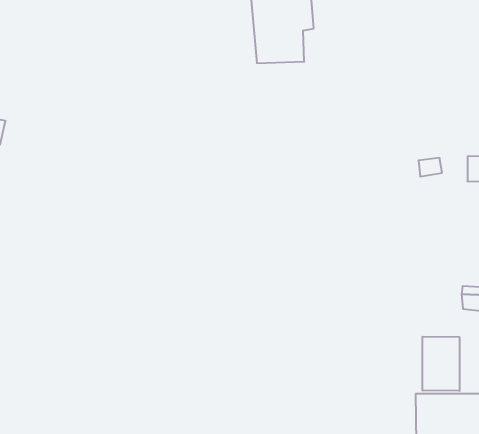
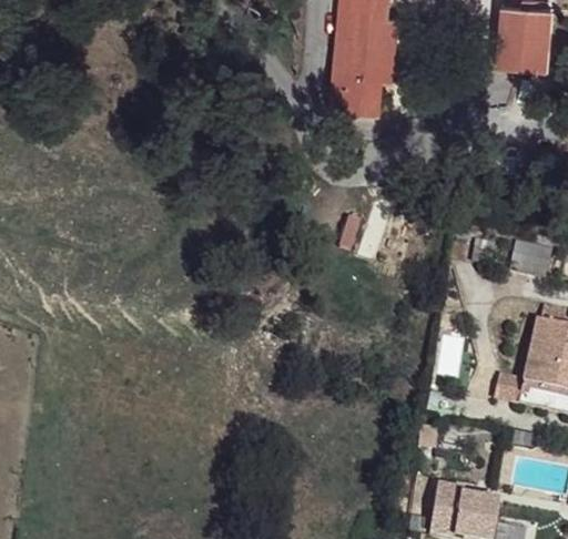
building: [422,337,460,391] -> none

